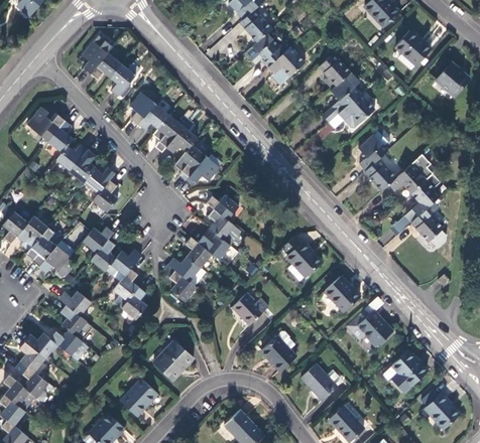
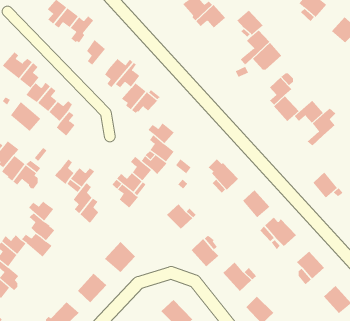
building: [139,103,169,129] -> none
building: none -> [10,101,41,132]
building: [409,209,441,243] -> [312,172,338,198]
building: [84,225,114,252] -> none

